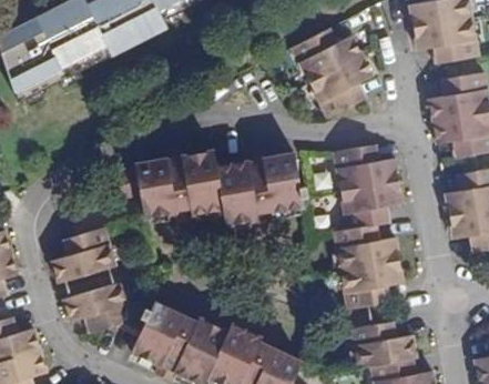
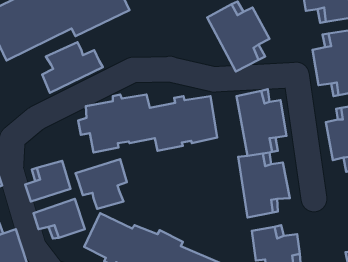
building: none -> [42,42,103,93]
building: none -> [76,159,127,209]

